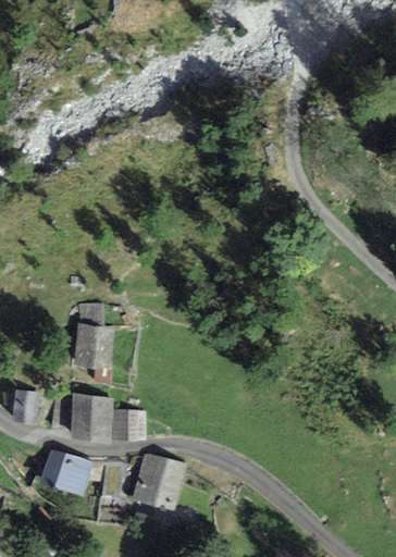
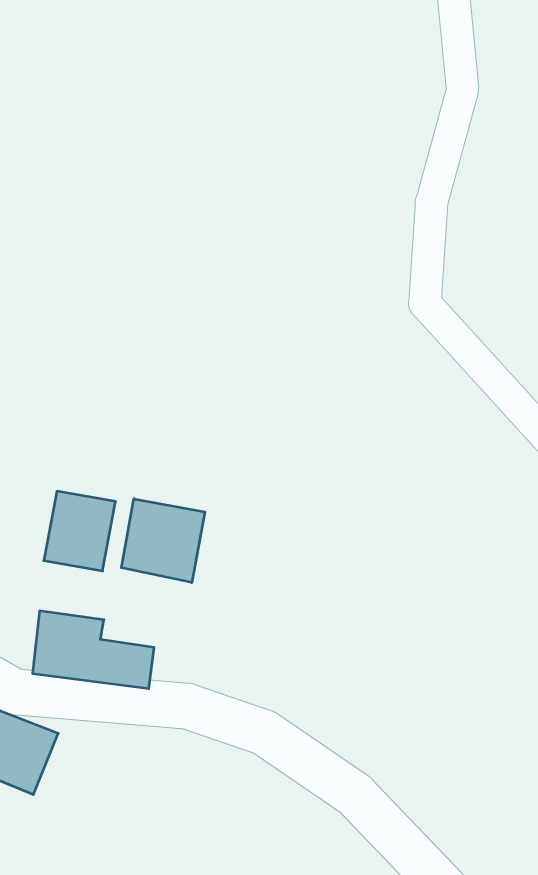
building: none -> [121,499,205,583]
building: [127,458,185,519] -> none

